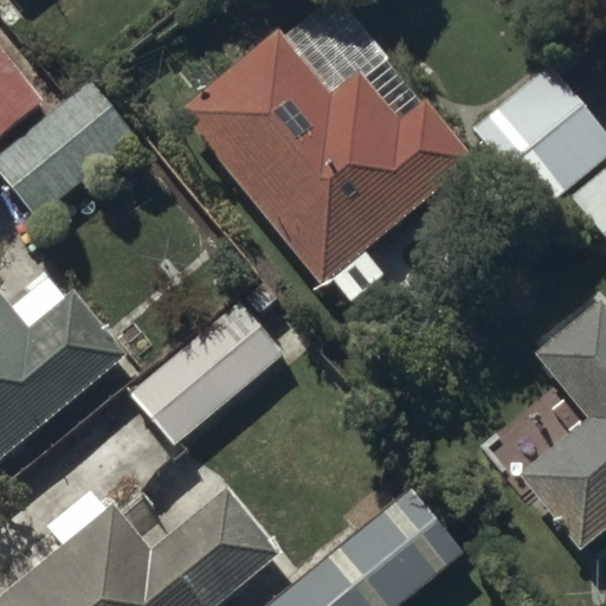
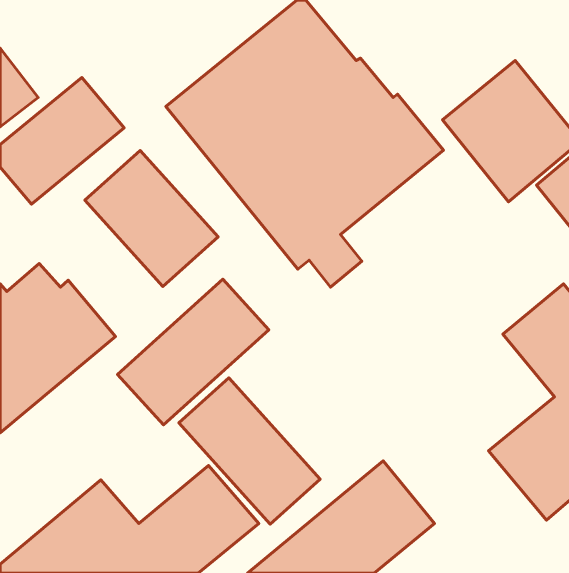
building: none -> [85,150,218,287]
building: none -> [179,378,320,524]

